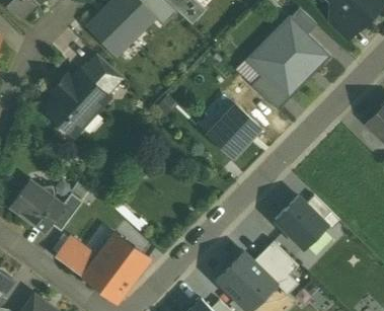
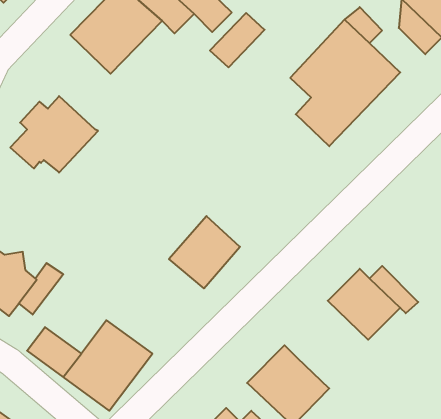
building: none -> [210,13,265,67]
building: [79,54,123,96] -> none
building: [208,104,259,157] -> [169,216,240,288]
building: [252,242,299,296] -> none

